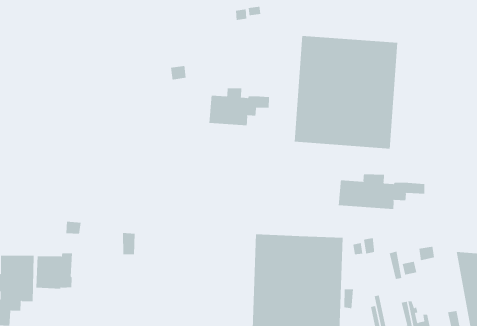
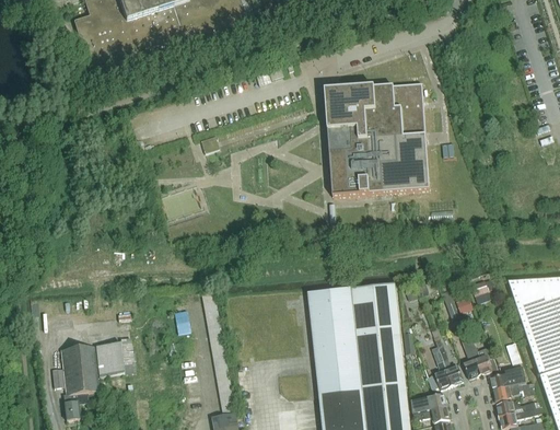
building: [209,87,270,126] -> none
building: [338,174,425,210] -> none

